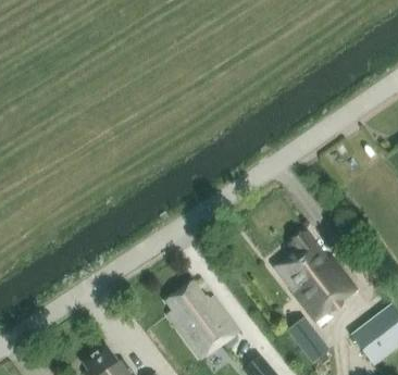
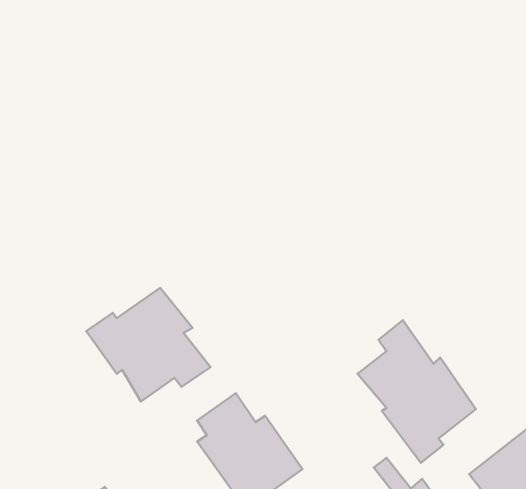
building: none -> [86,288,210,401]

